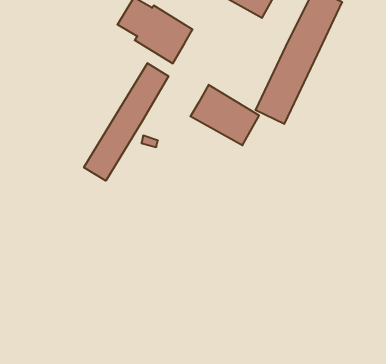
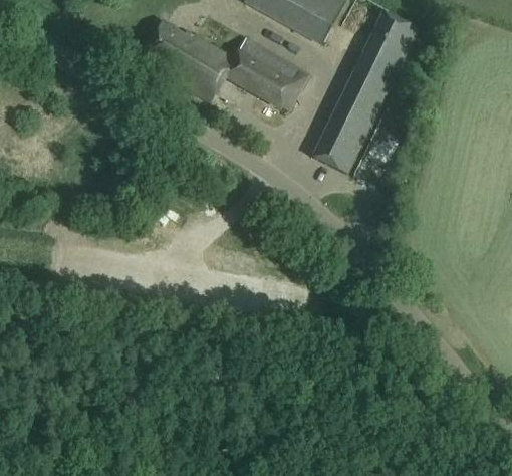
building: [84,63,168,181] -> none
building: [190,85,259,145] -> [226,38,309,111]

